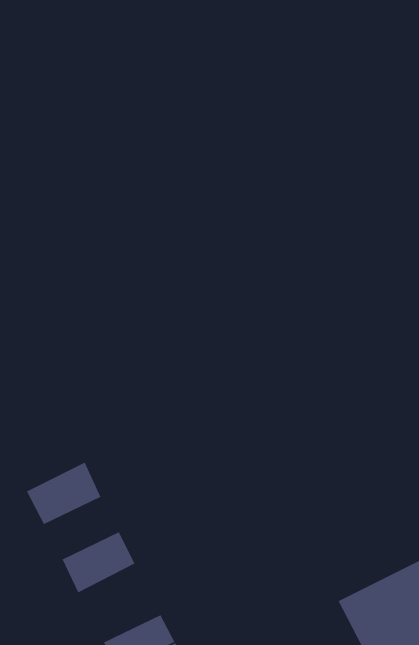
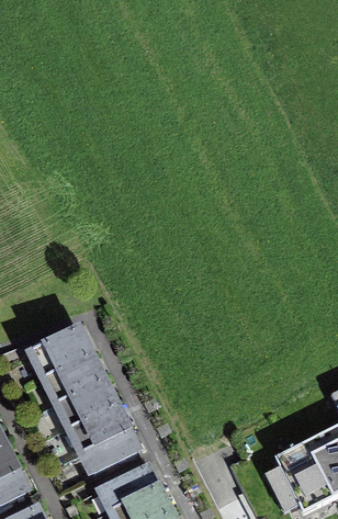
building: none -> [32,329,88,376]
building: none -> [57,381,113,427]
building: none -> [82,430,136,473]

